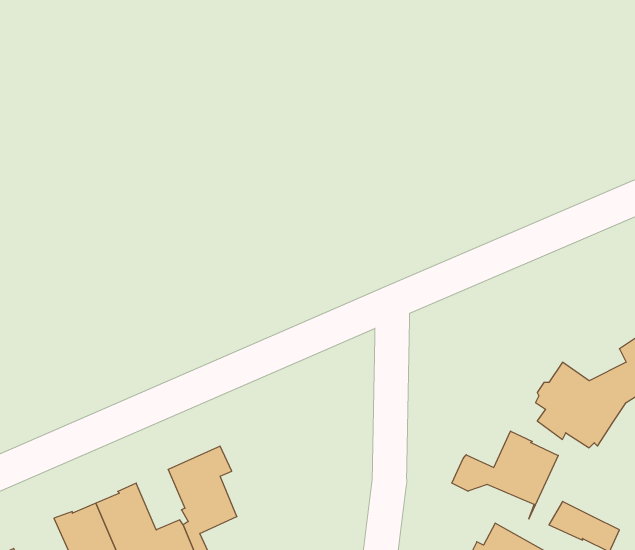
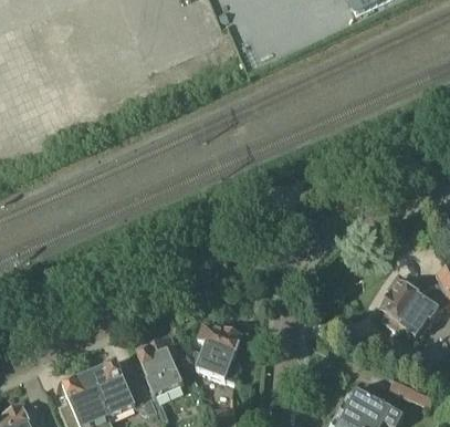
building: none -> [187,323,241,382]
building: [452,431,558,519] -> none

